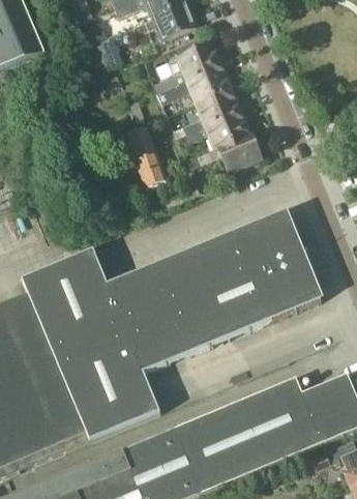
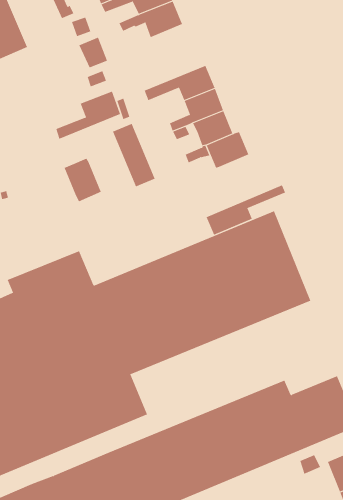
building: [154,43,218,91] -> [56,91,121,139]
building: none -> [64,158,101,202]
building: none -> [206,184,286,236]

